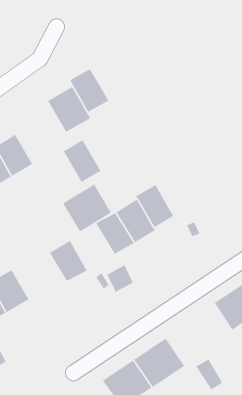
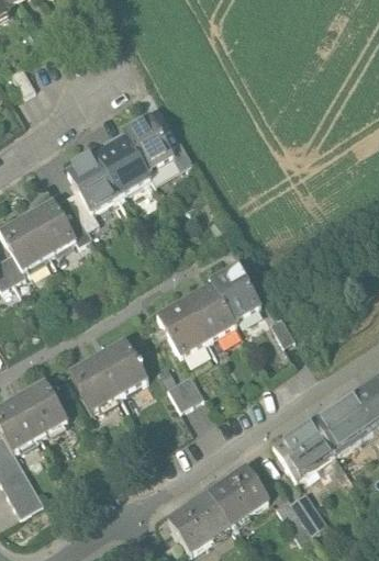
building: [63,139,101,183] -> [67,155,118,212]
building: [62,184,112,232] -> none
building: none -> [69,352,119,407]
building: none -> [268,418,335,483]

